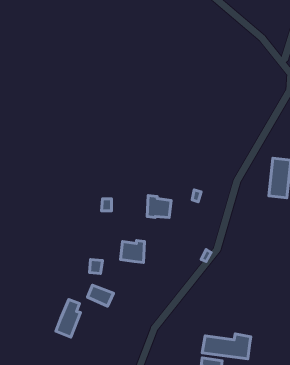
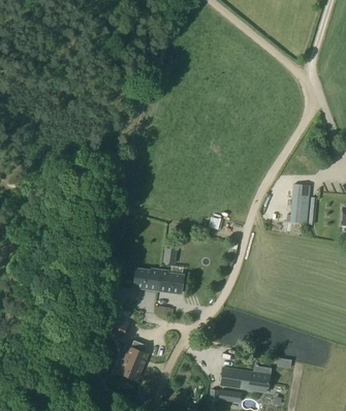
building: [147,196,171,217] -> [159,270,184,292]
building: [56,299,81,337] -> [121,340,147,379]

